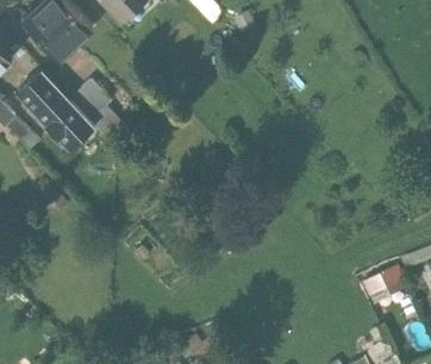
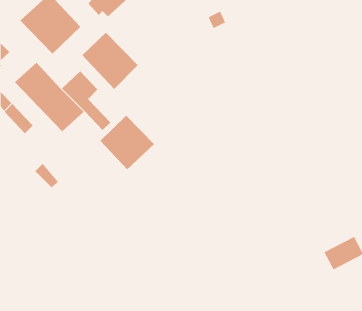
building: none -> [81,32,139,90]
building: none -> [100,115,155,170]

